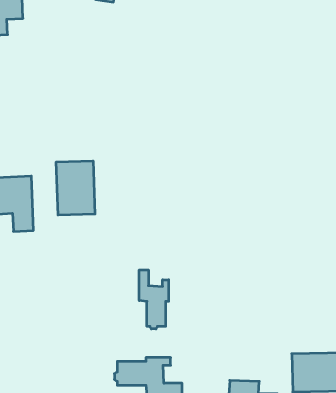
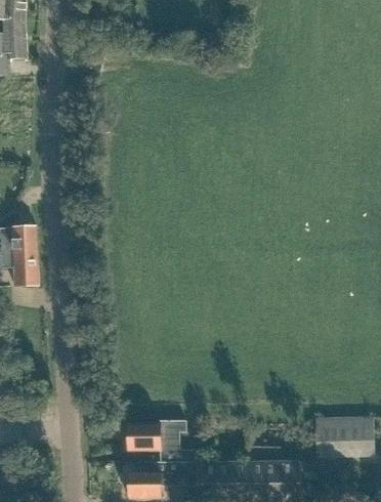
building: [56,161,95,215] -> none
building: [139,270,169,329] -> none

